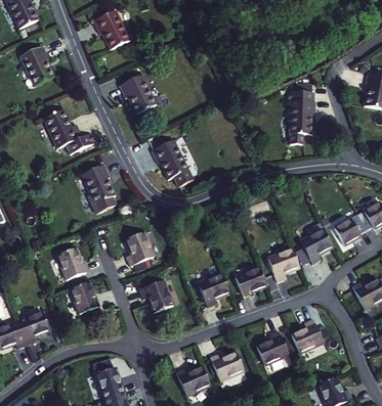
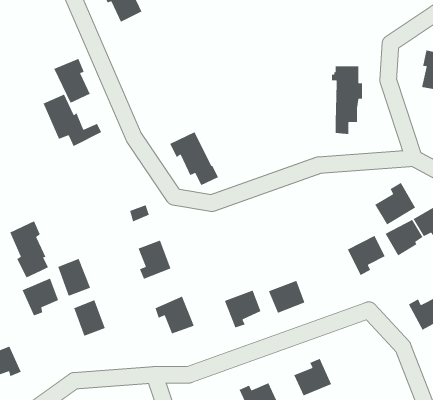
building: [22,45,53,84] -> [53,58,91,104]
building: [120,74,156,112] -> none
building: [83,163,117,212] -> [9,220,49,278]
building: none -> [374,182,416,226]
building: [268,247,299,280] -> none
building: [17,310,49,343] -> [21,278,59,316]
building: [291,318,324,352] -> none

